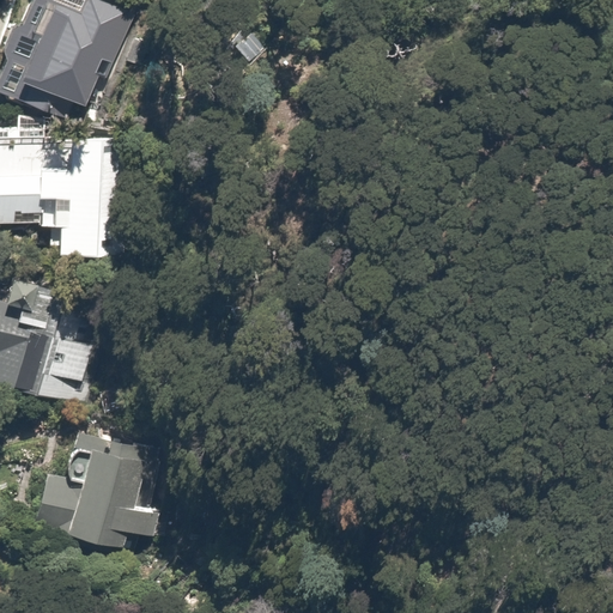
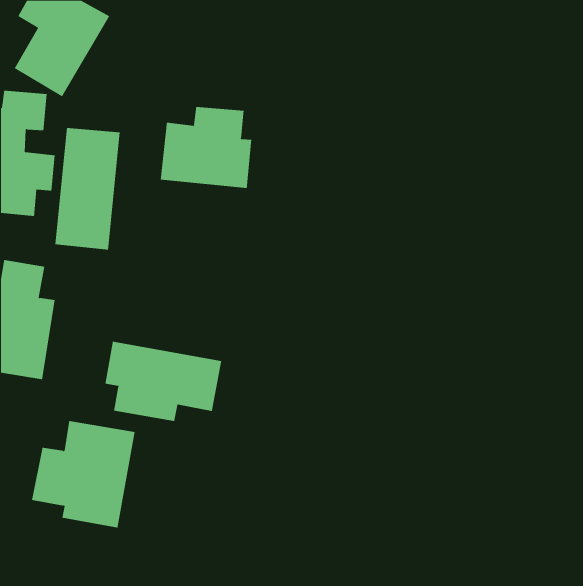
building: none -> [160,106,252,189]
building: none -> [105,341,222,422]

